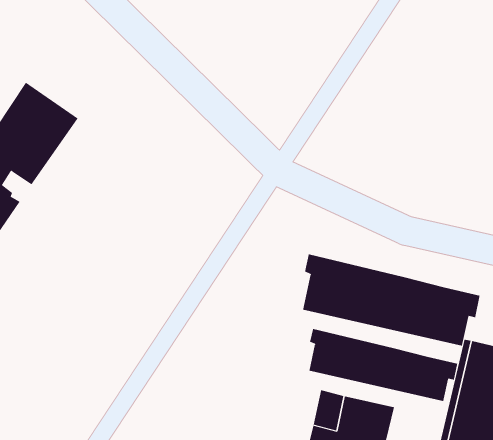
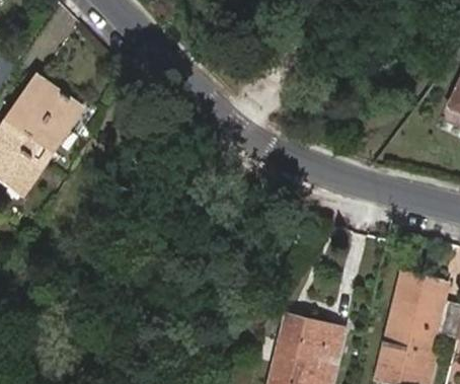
building: [302,253,480,347] -> none
building: [309,328,458,402] -> none

